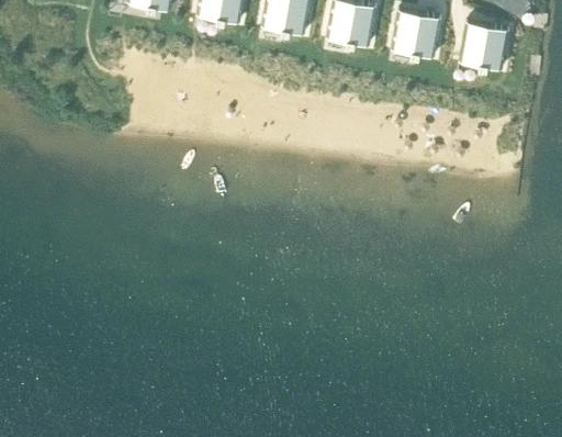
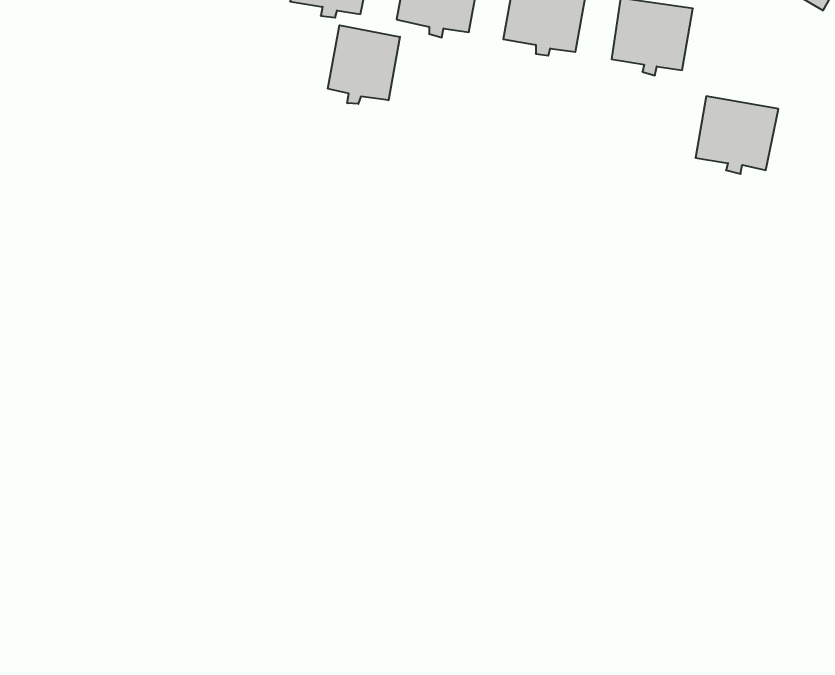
building: [459,23,509,70] -> [695,96,778,174]
building: none -> [328,25,400,104]

